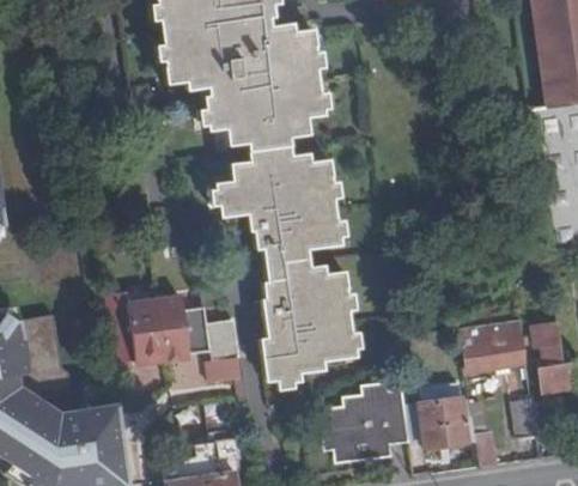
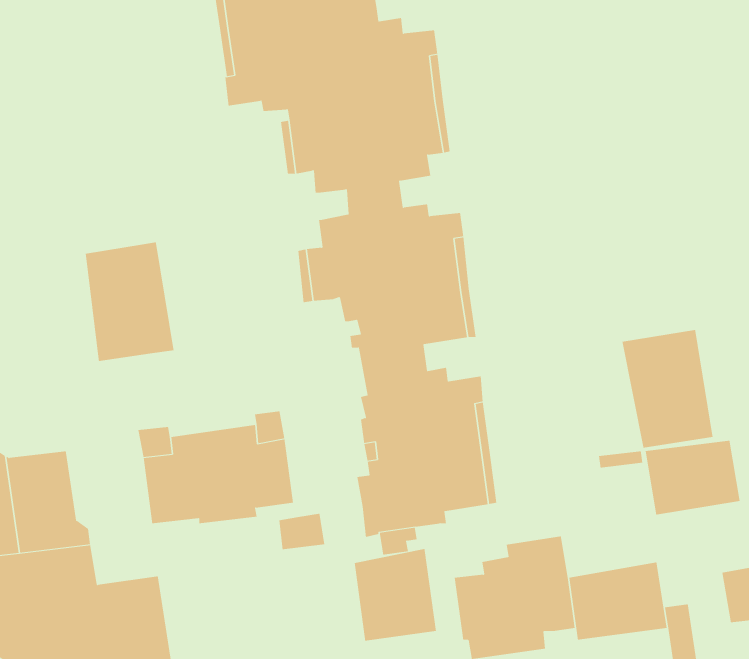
building: none -> [85,242,174,362]
building: none -> [622,329,713,448]
building: none -> [354,548,437,641]

